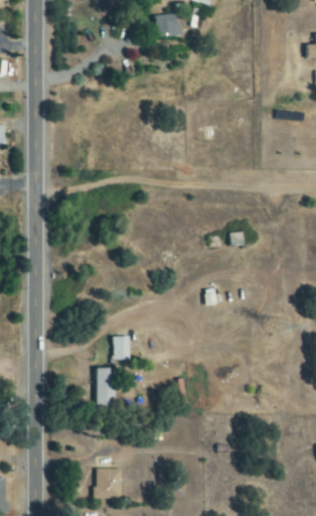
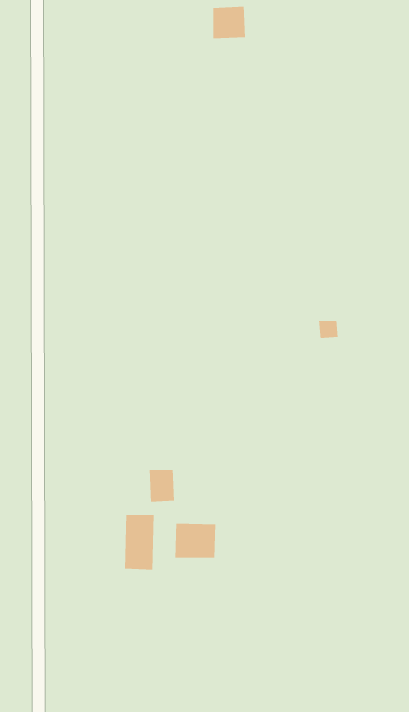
building: none -> [175,523,216,559]
building: [96,468,123,498] -> none

